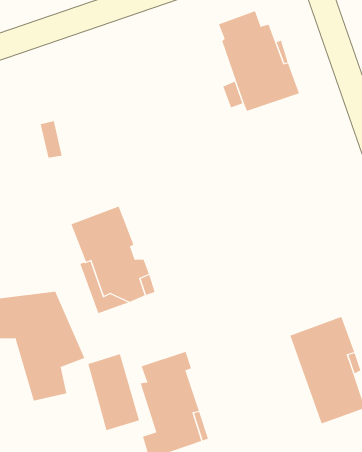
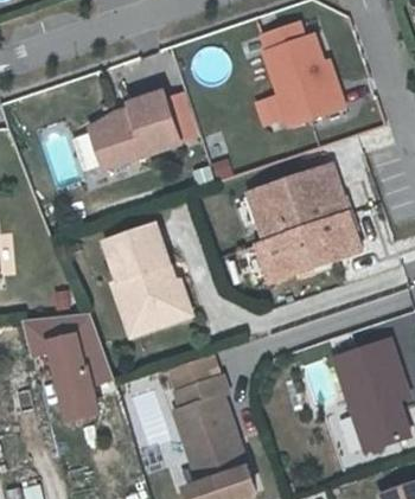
building: none -> [89,89,180,166]
building: none -> [250,162,359,279]

